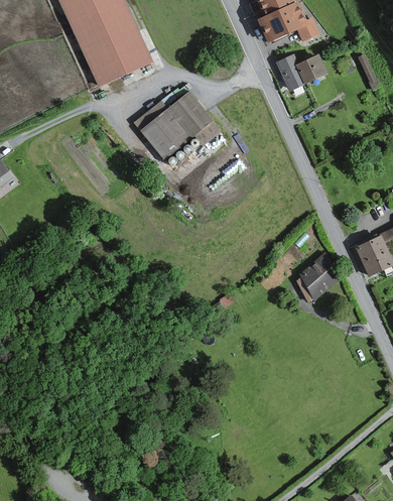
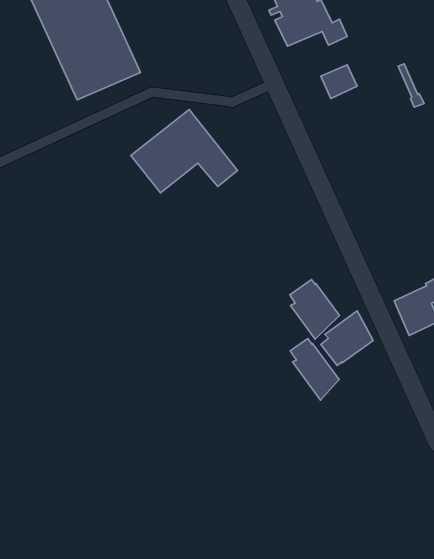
building: [276,55,304,90] -> none
building: none -> [290,280,340,339]
building: none -> [290,339,339,400]

